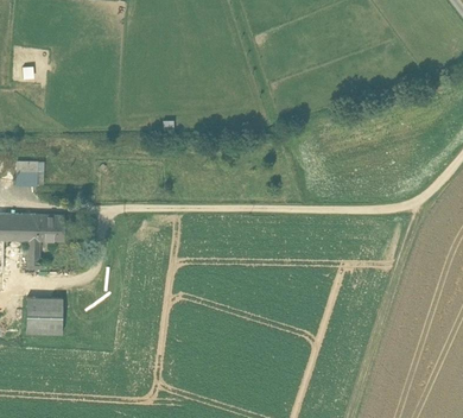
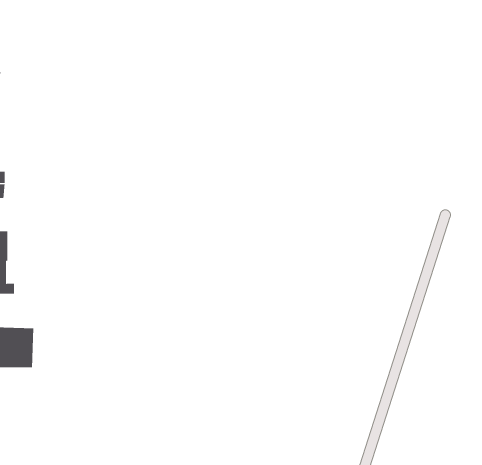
building: [40,213,64,240] -> none

